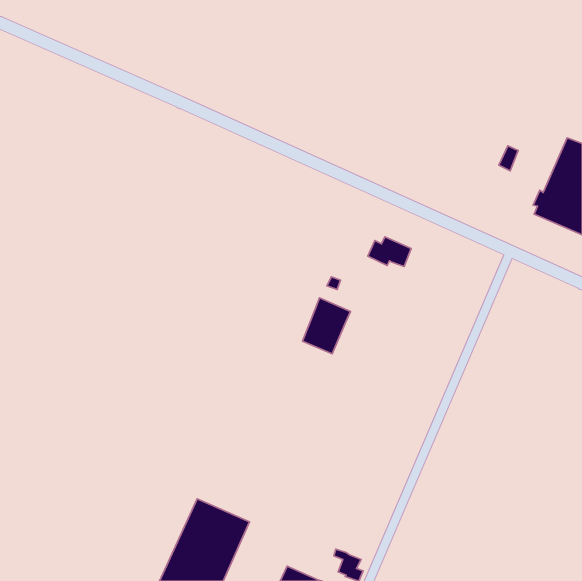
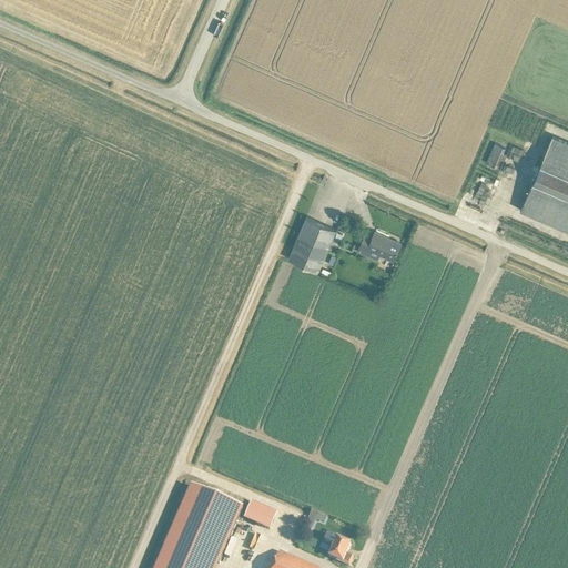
building: [303,298,350,354] -> [290,215,336,270]
building: none -> [244,501,277,530]

